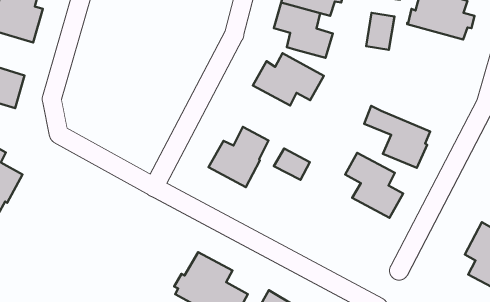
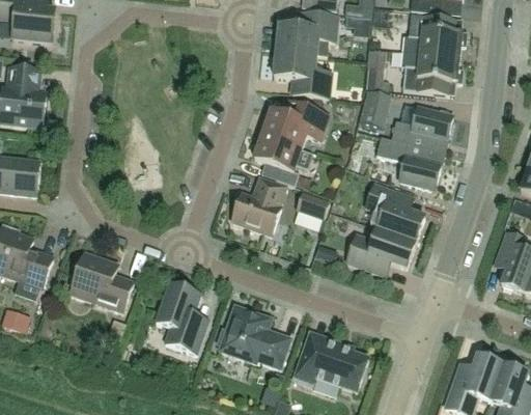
building: none -> [400,51,462,94]
building: none -> [359,89,391,127]
building: none -> [390,106,452,151]
building: none -> [253,135,301,186]
building: none -> [68,252,133,311]
building: none -> [345,228,415,276]
building: none -> [155,282,207,354]

